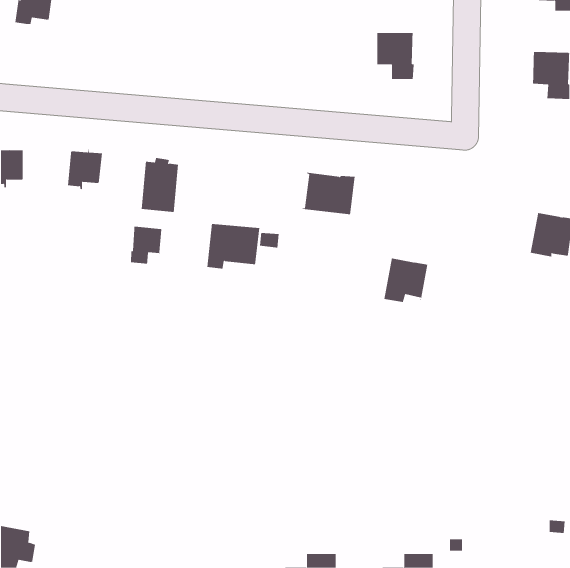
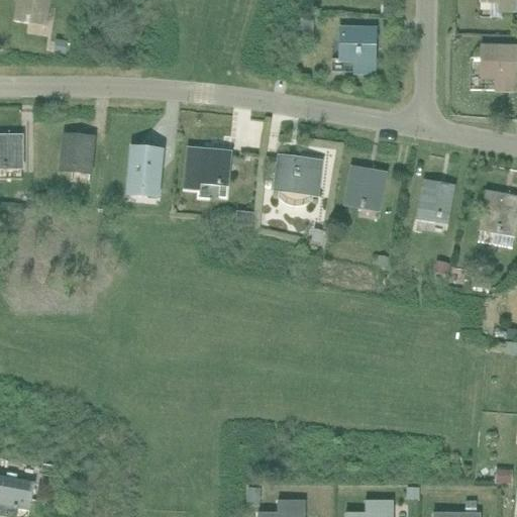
building: none -> [418,180,453,223]
building: [207,223,260,269] -> [183,147,231,189]
building: [130,224,162,264] -> none
building: [383,255,428,314] -> [345,165,386,217]

